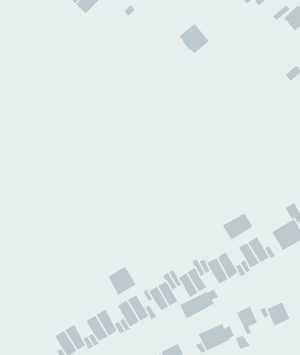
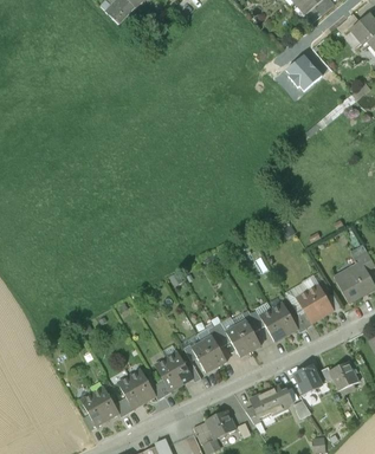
building: [178,23,210,54] -> [284,54,321,91]
building: [222,212,253,241] -> none
building: [108,266,137,296] -> none
building: [179,289,219,319] -> none

